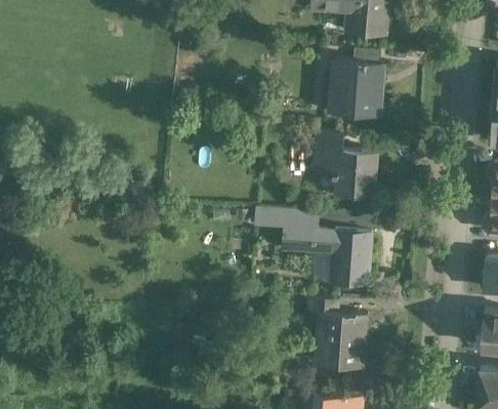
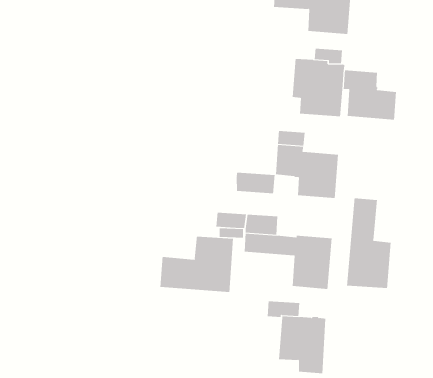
building: none -> [343,69,397,120]
building: none -> [236,172,275,194]
building: none -> [346,198,391,289]
building: none -> [160,236,233,293]

